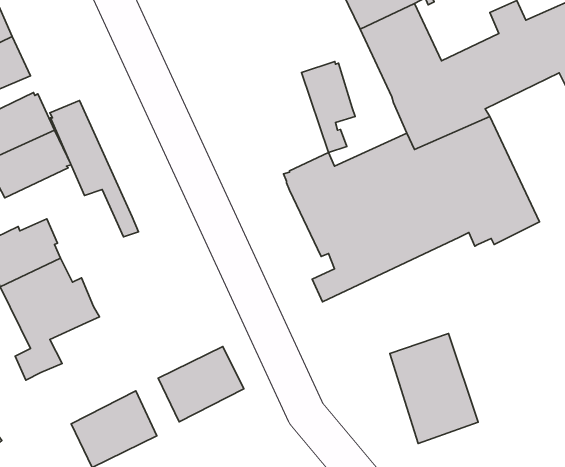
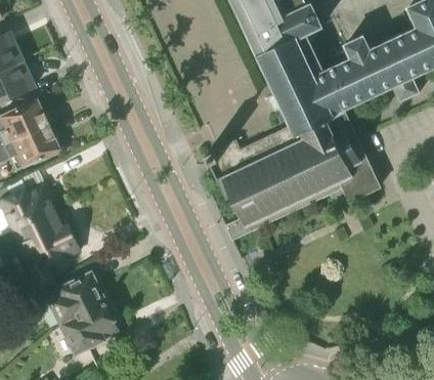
building: [302,61,355,153] -> none
building: [50,100,139,237] -> none
building: [390,333,478,443] -> none
building: [158,347,244,422] -> [46,272,104,324]

